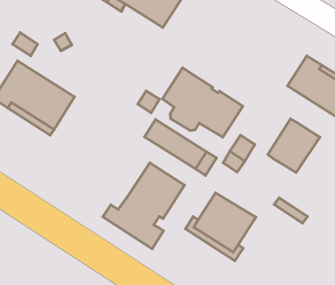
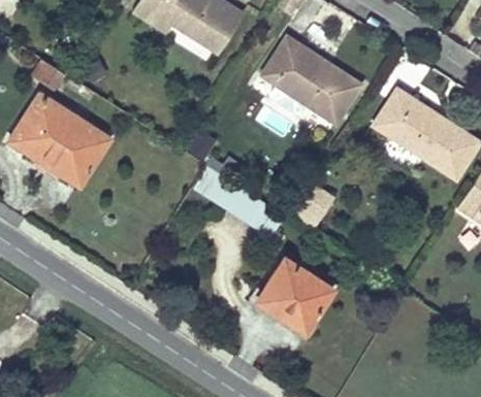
building: [163,68,243,137] -> [262,36,361,122]
building: [268,119,320,173] -> none
building: [103,163,185,249] -> none

